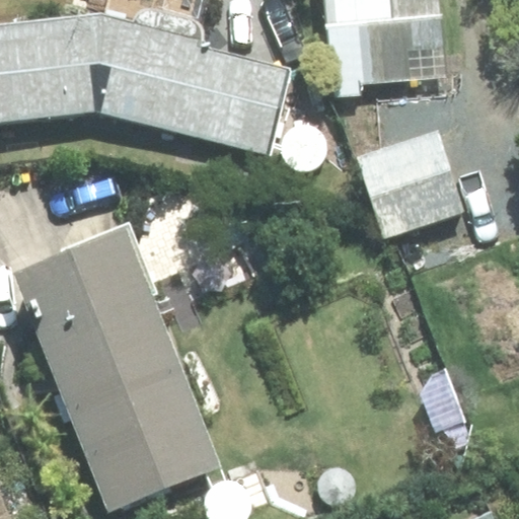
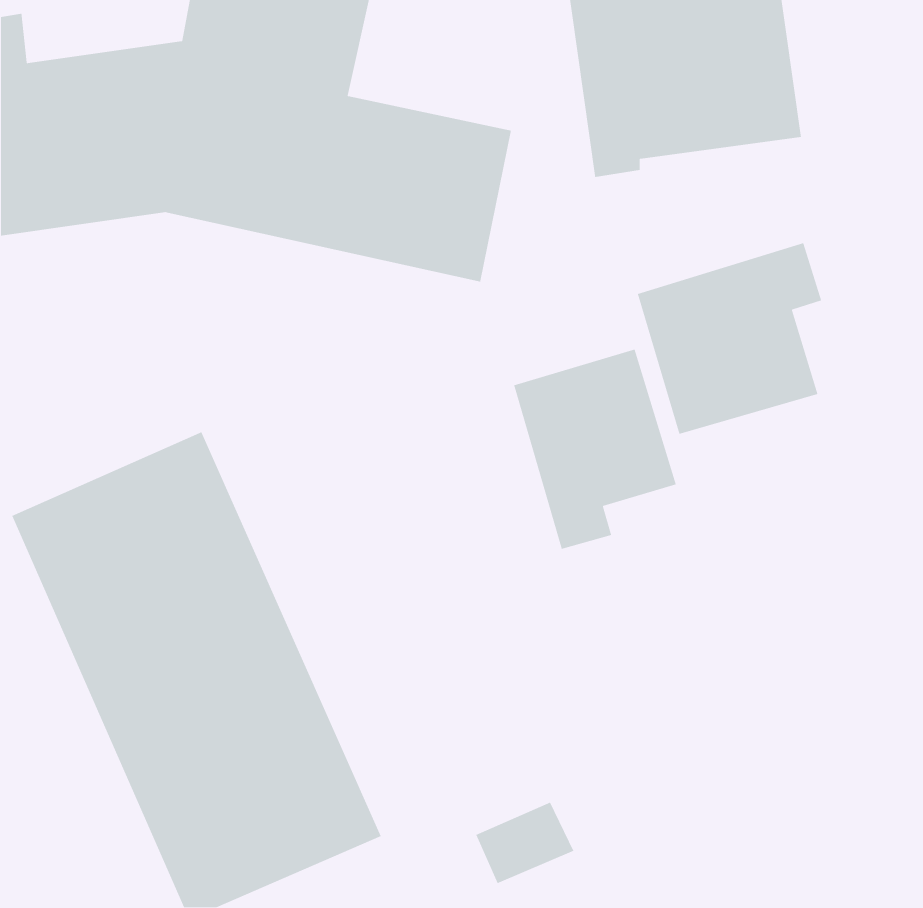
building: none -> [513,349,677,550]

